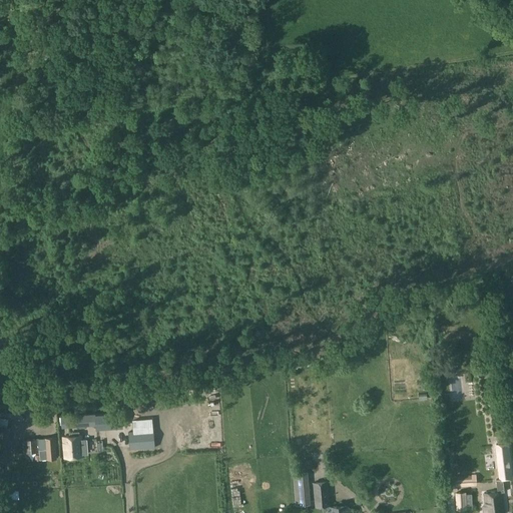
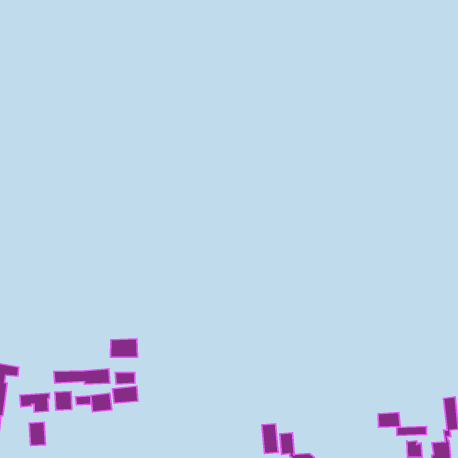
building: none -> [111,339,138,357]
building: none -> [91,393,112,412]
building: none -> [378,413,400,427]
building: none -> [29,422,46,446]

